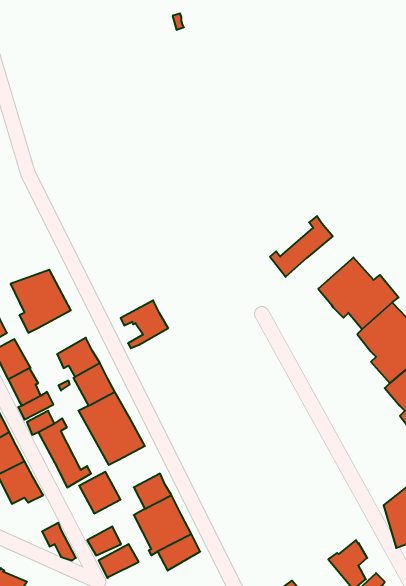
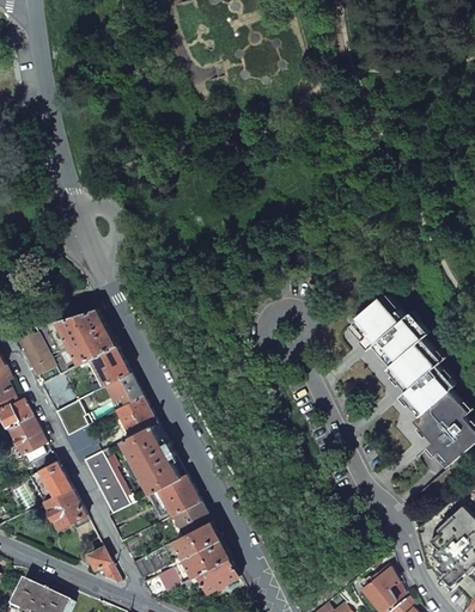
building: [270,216,333,277] -> none
building: [121,300,168,348] -> [84,345,129,391]
building: [79,472,121,513] -> [160,475,200,514]

